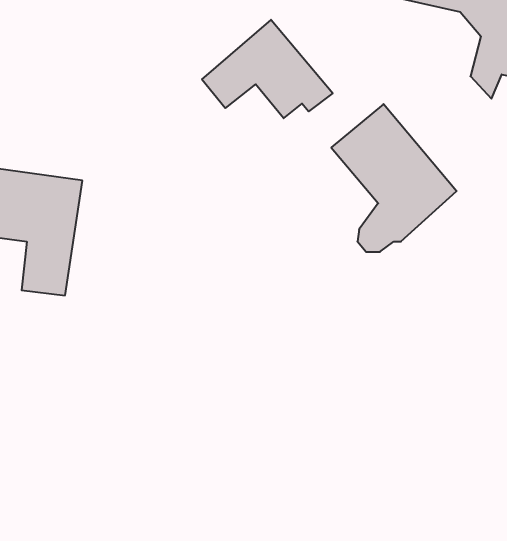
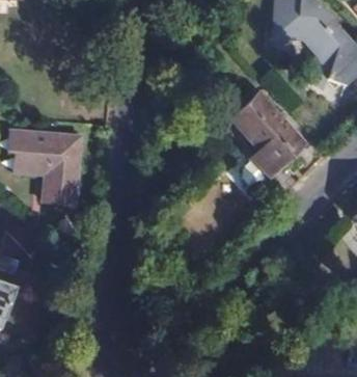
building: [202,20,333,118] -> none

